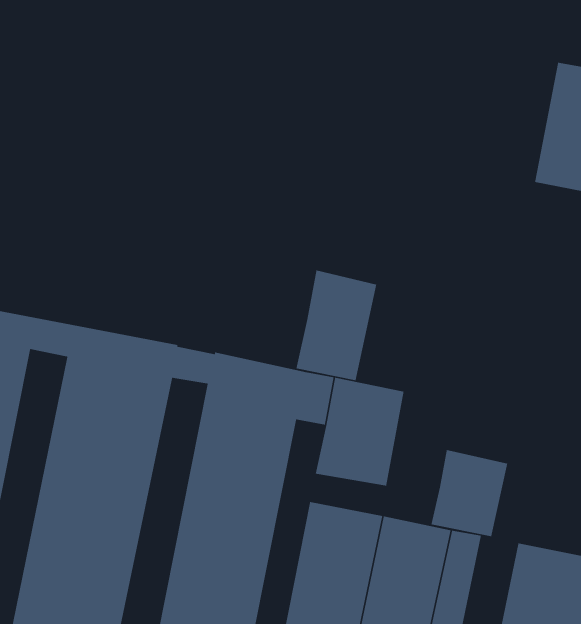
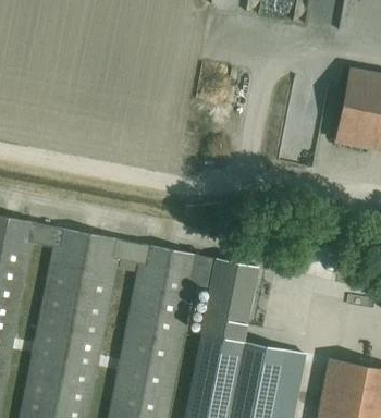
building: [296,269,377,381] -> none
building: [431,449,508,537] -> none

